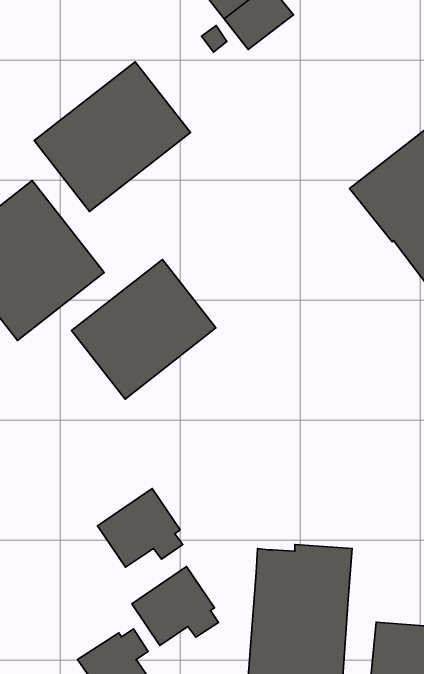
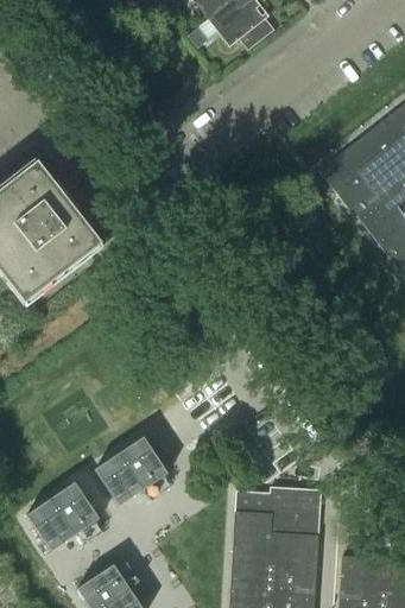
building: [34,62,191,211] -> none
building: [72,259,216,399] -> none
building: [132,567,218,645] -> [26,482,103,552]

